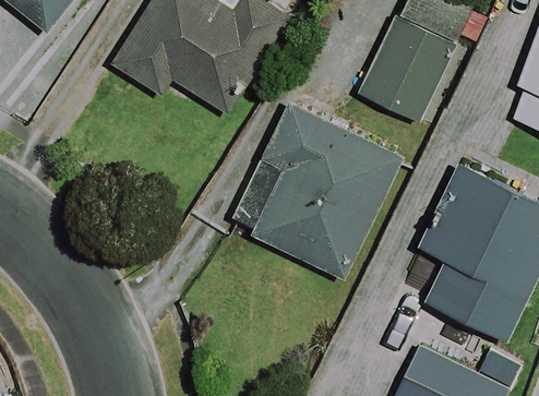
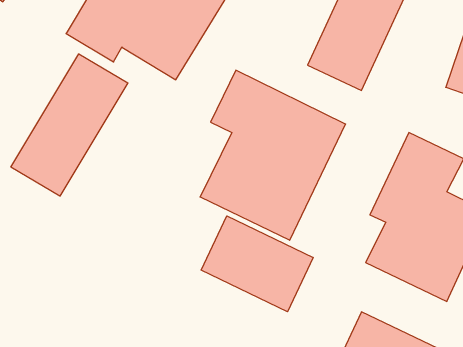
building: none -> [11,54,128,196]
building: none -> [201,216,313,312]

